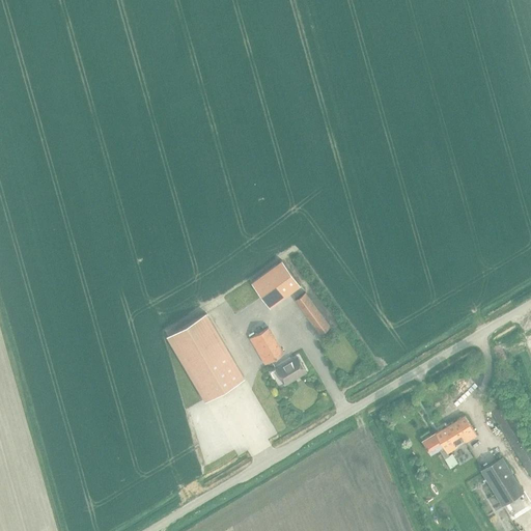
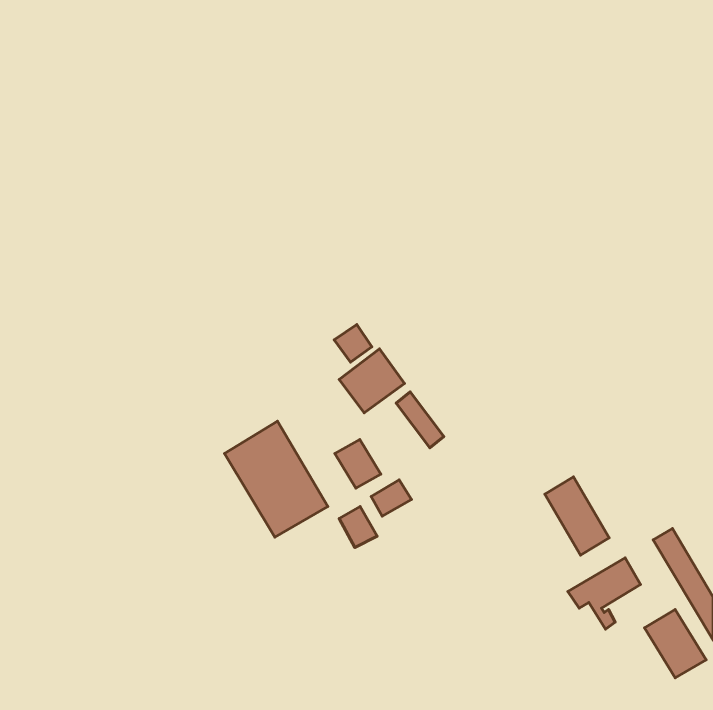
building: none -> [334,325,372,362]
building: none -> [545,477,609,555]
building: none -> [339,507,377,547]

